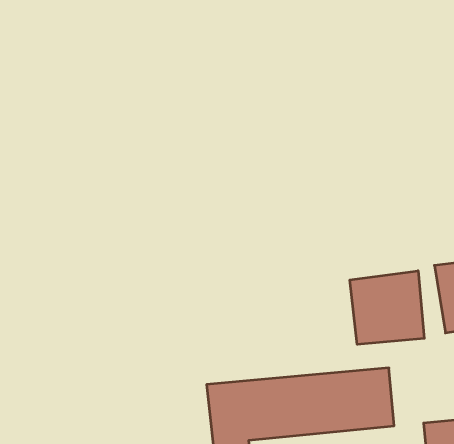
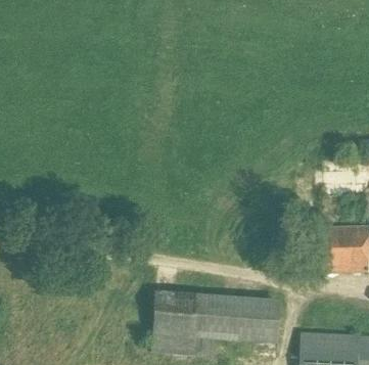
building: [350,271,424,344] -> none

